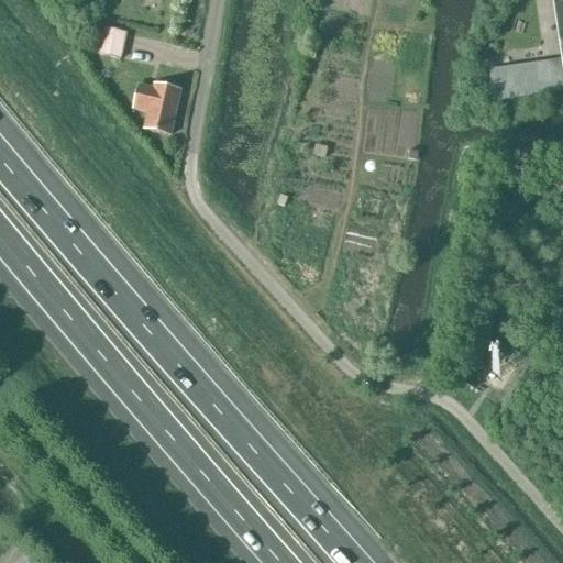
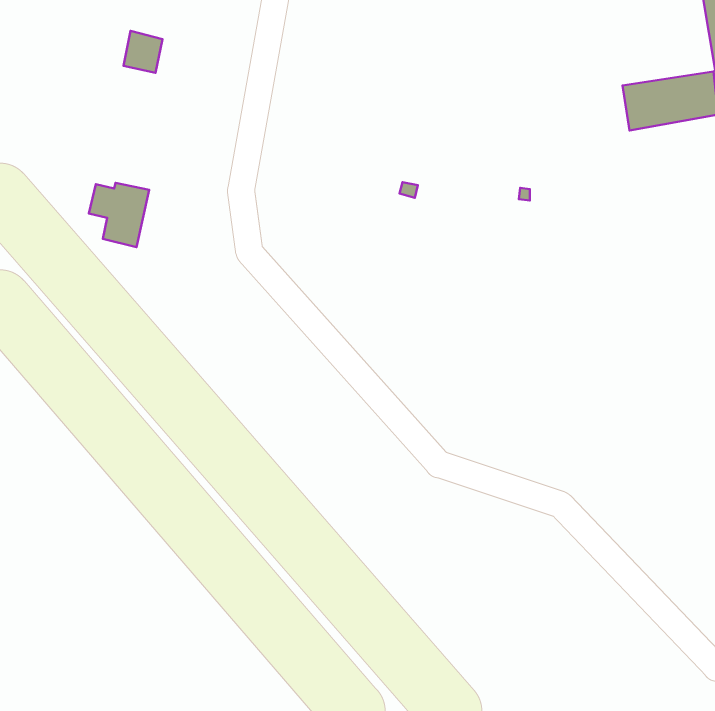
building: [134,81,181,132] -> [89,183,149,247]

